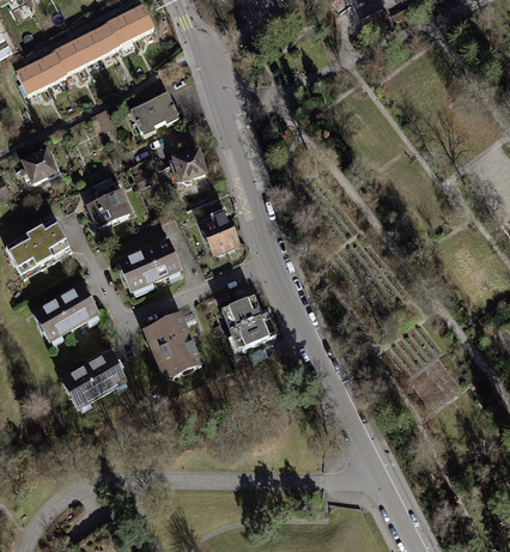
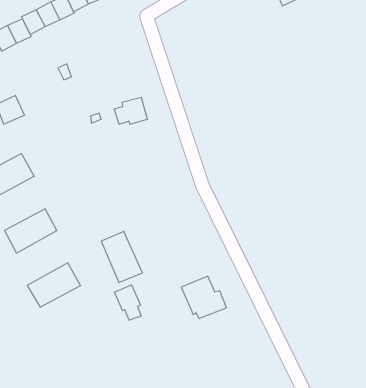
building: [130,93,177,132] -> none
building: [86,184,129,225] -> none
building: [204,208,237,251] -> none
building: [117,241,178,290] -> none
building: [220,296,275,347] -> [181,276,227,319]
building: none -> [115,285,141,320]

